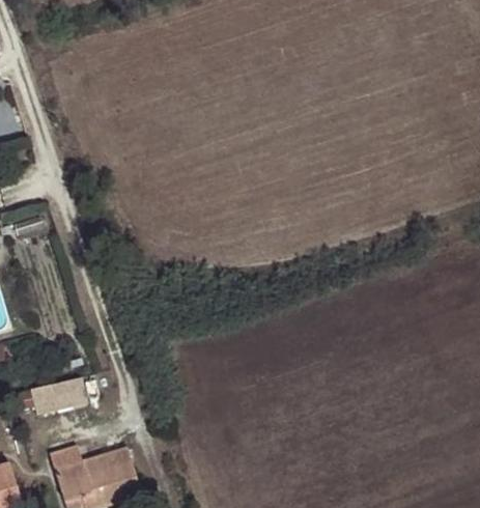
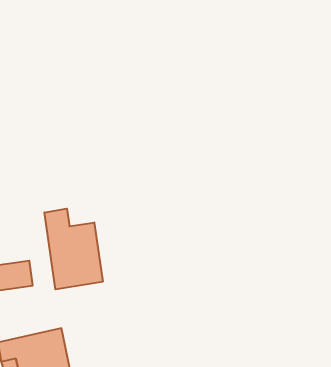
building: none -> [44,209,103,289]

